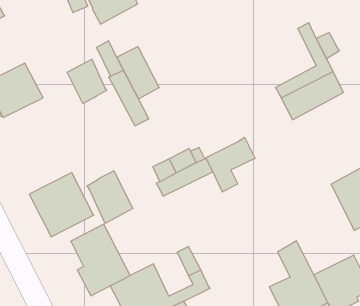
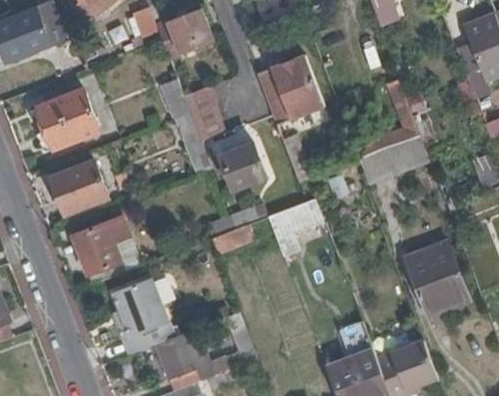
building: none -> [256,54,324,124]
building: [67,59,107,103] -> none
building: none -> [221,142,267,186]
building: none -> [51,160,107,213]
building: [87,171,133,223] -> none

